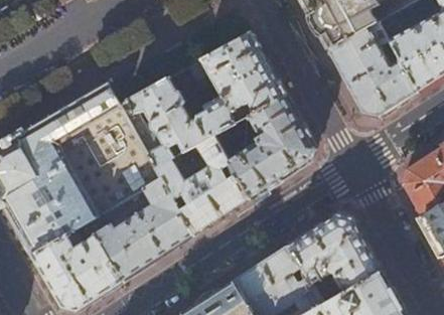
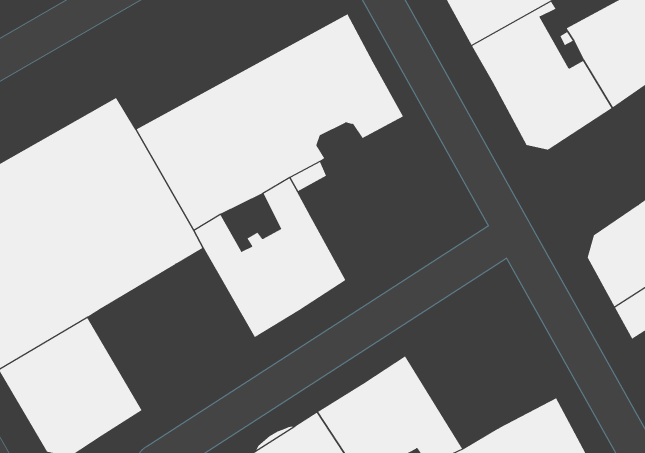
building: [230,96,315,198] -> none
building: [90,178,194,280] -> none
building: [289,213,384,291] -> none

